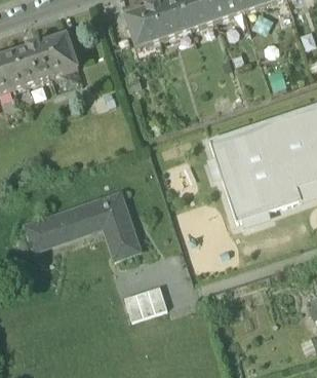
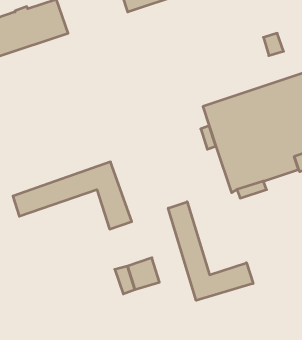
building: [32,217,119,257] -> none
building: none -> [168,202,253,300]

